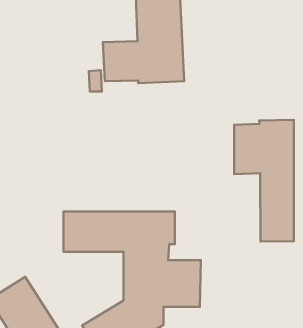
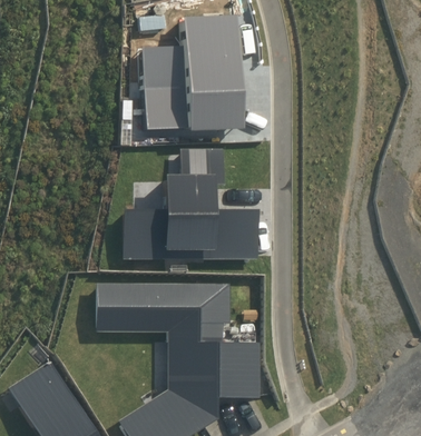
building: none -> [124,148,258,259]
building: [234,120,294,241] -> none

